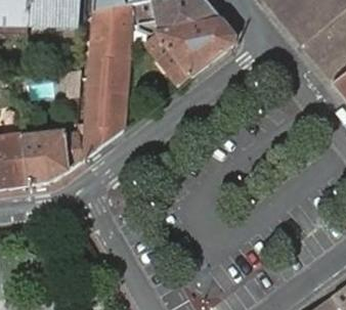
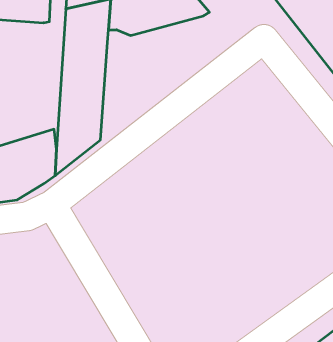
building: [143,16,234,87] -> none

